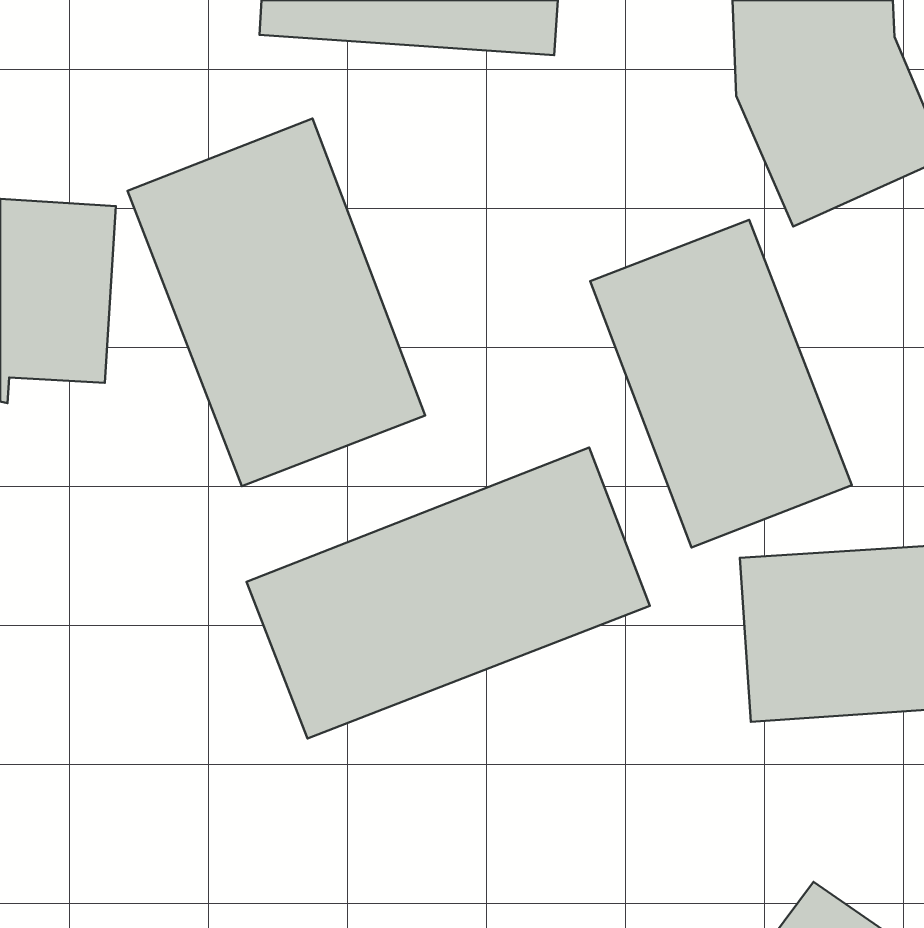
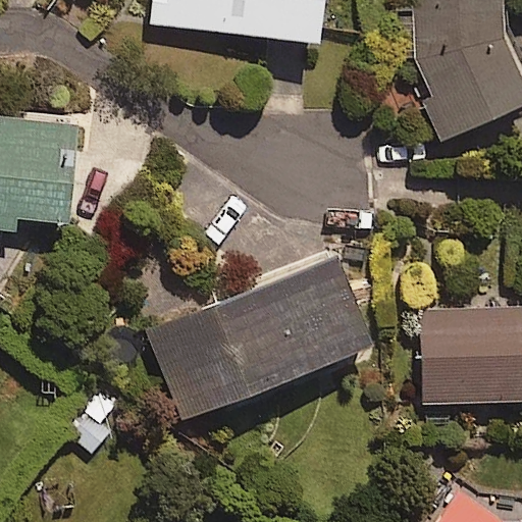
building: [127,119,425,486] -> none
building: [590,220,852,548] -> none

